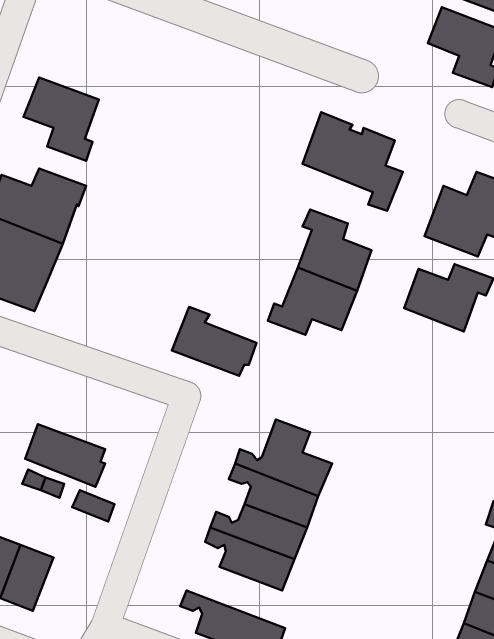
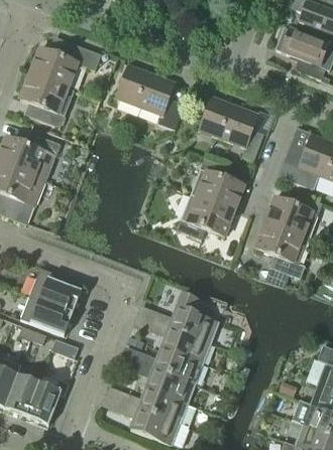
building: none -> [29,39,101,88]
building: none -> [115,64,184,129]
building: [172,307,257,376] -> [28,268,83,312]
building: none -> [254,221,304,278]
building: none -> [25,382,68,425]
building: none -> [124,388,196,427]

